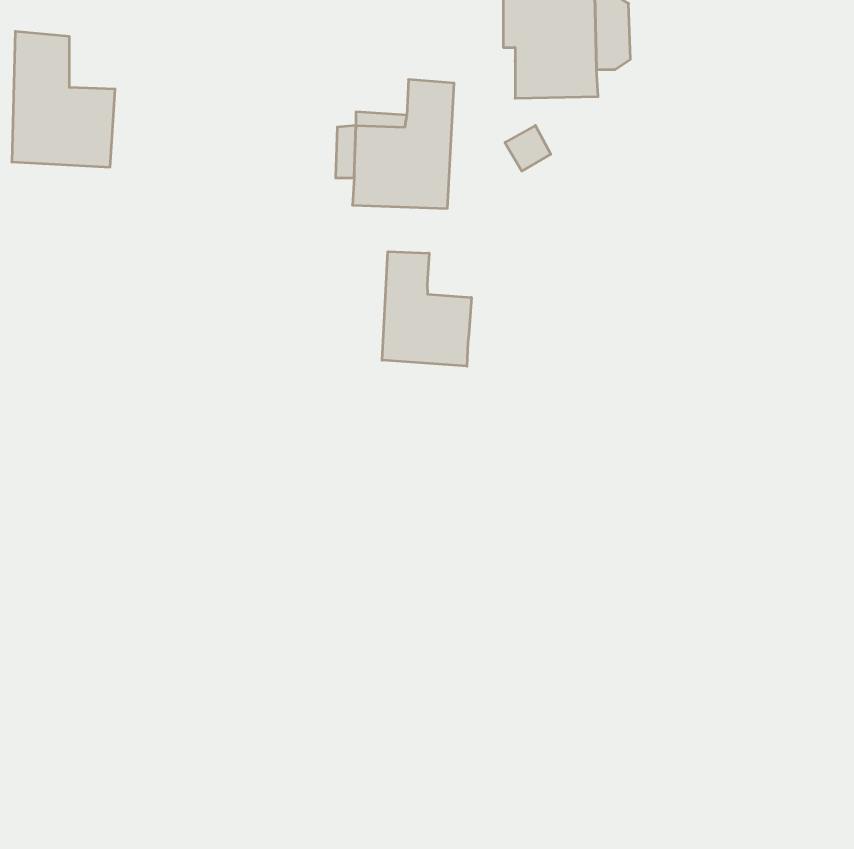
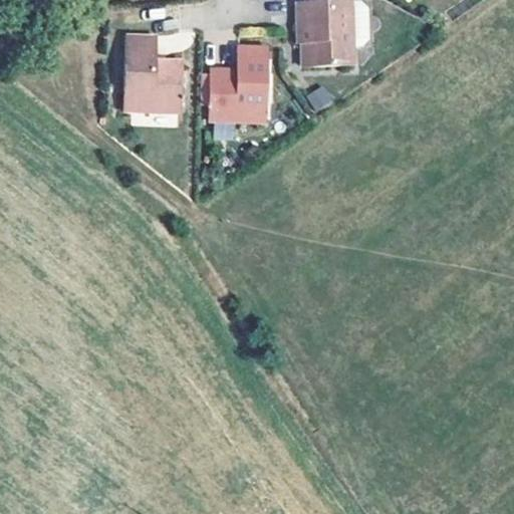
building: [12,31,115,167] -> [121,33,183,113]
building: [382,252,471,366] -> none

